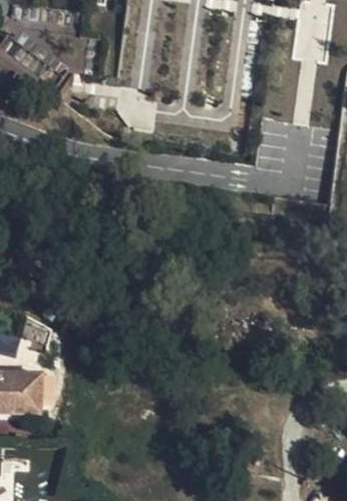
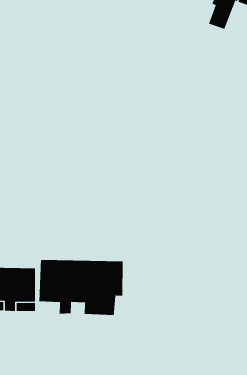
building: none -> [39,259,123,316]

